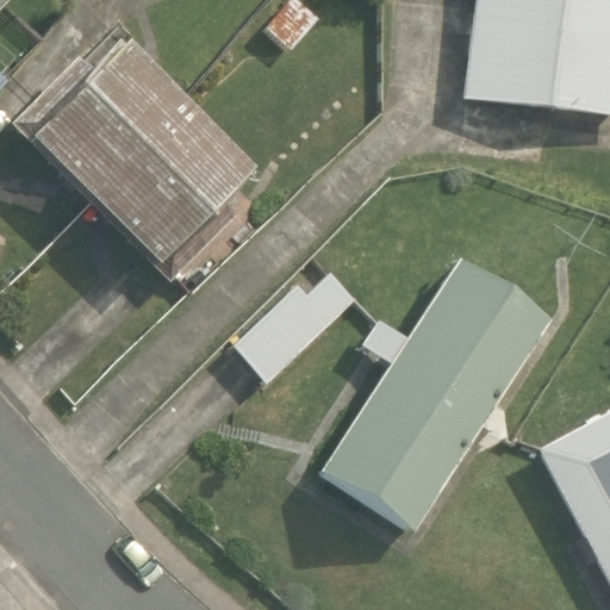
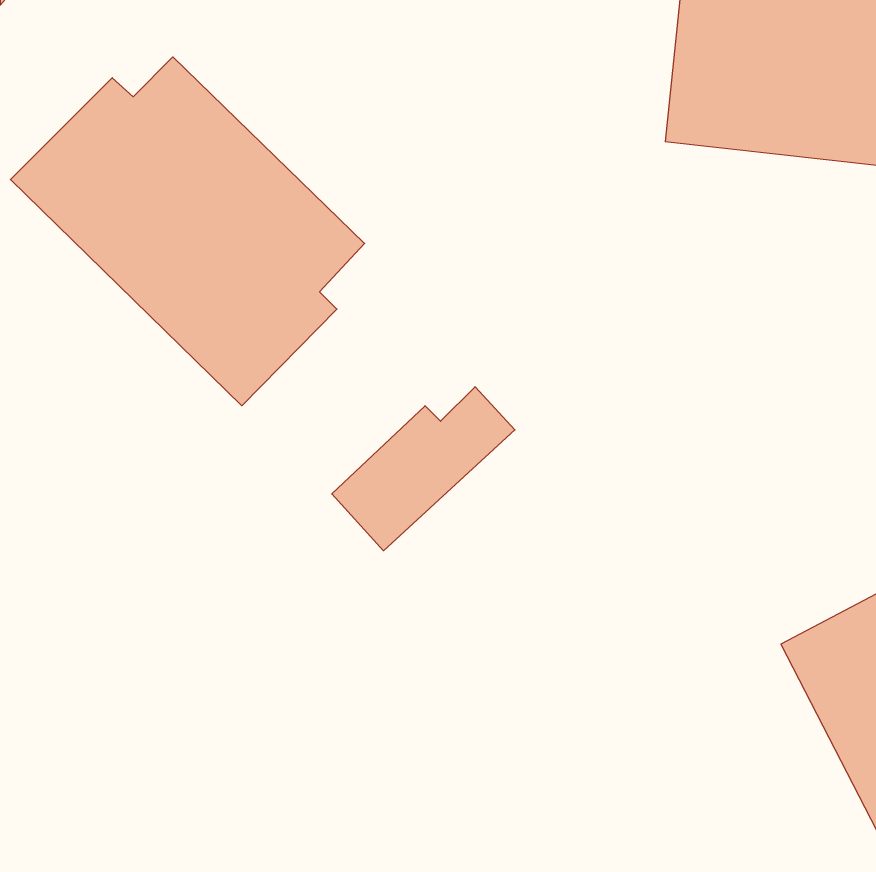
building: [322,256,554,527] -> none

